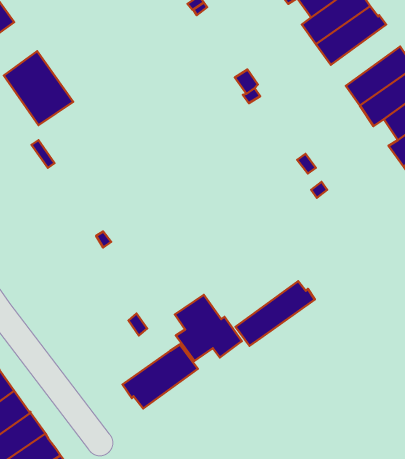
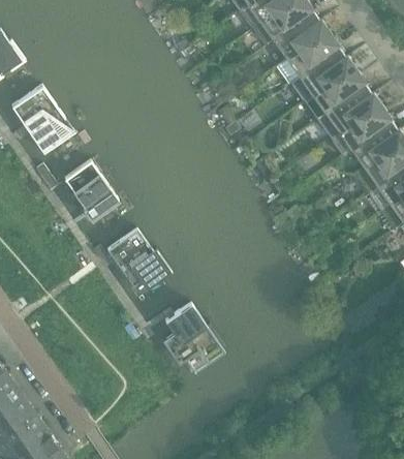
building: none -> [304,63,366,118]
building: none -> [64,162,118,223]
building: none -> [106,231,172,288]
building: [236,281,315,346] -> none
building: [123,344,198,409] -> none

